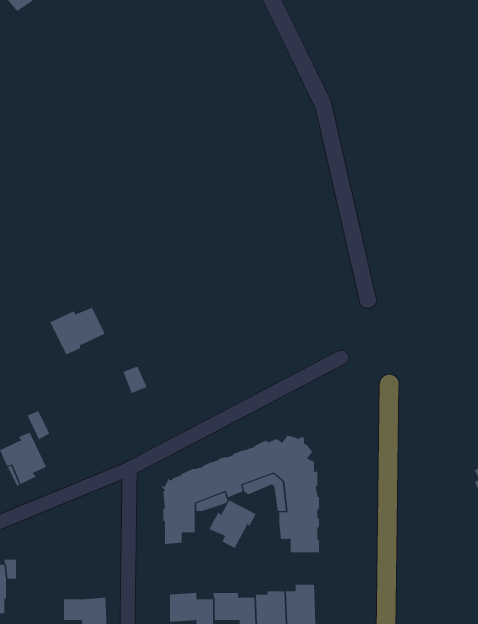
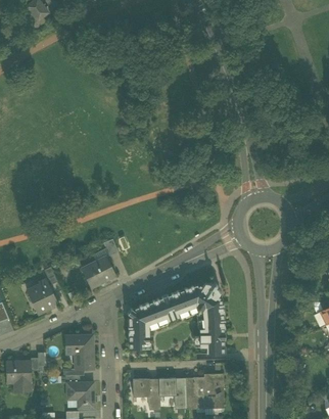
building: [49,307,106,355] -> [81,259,115,288]
building: [208,500,256,549] -> none
building: none -> [65,336,93,369]

